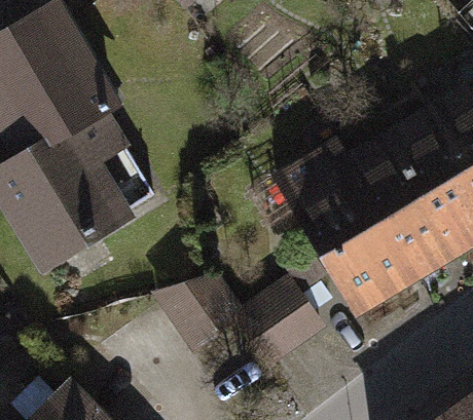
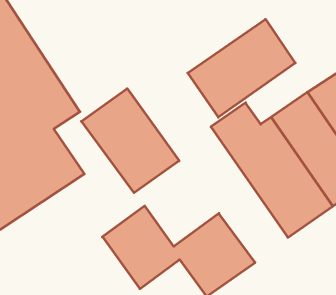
building: none -> [188,19,295,117]
building: none -> [81,89,179,193]

